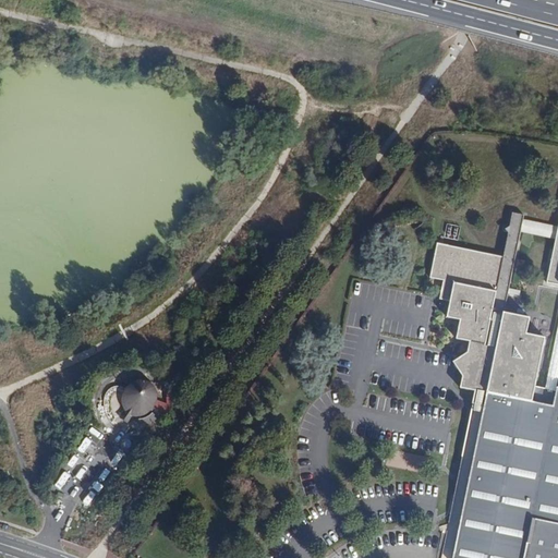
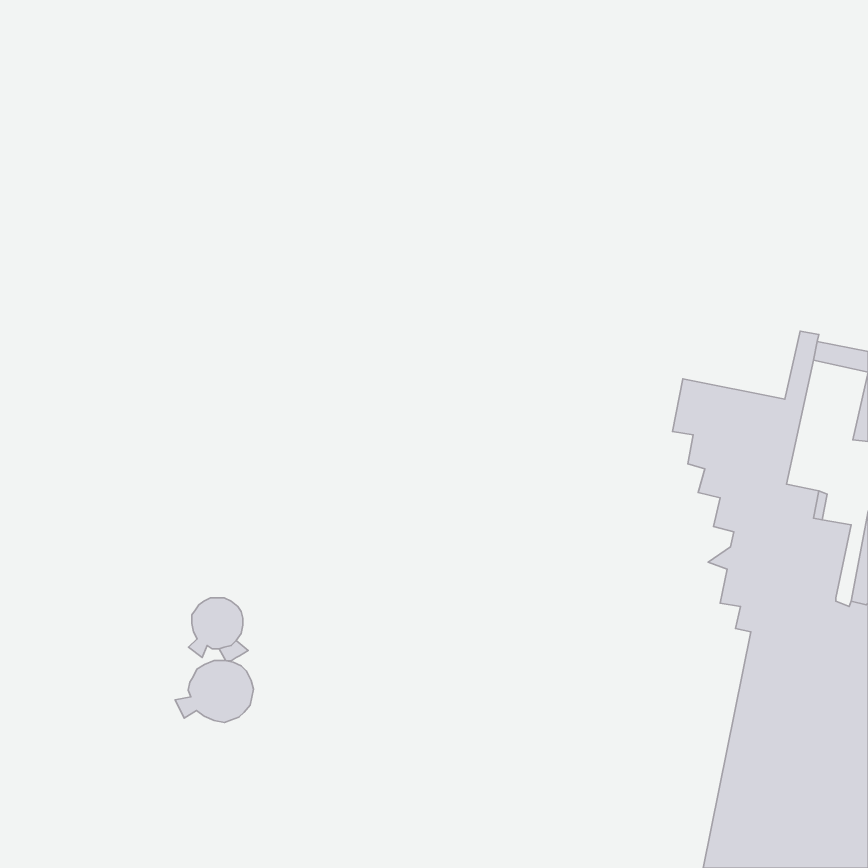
building: none -> [175,660,253,723]

